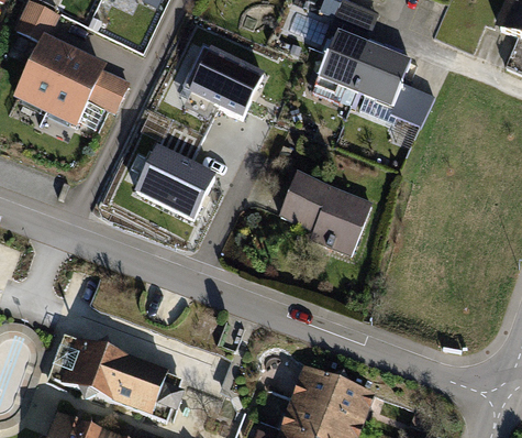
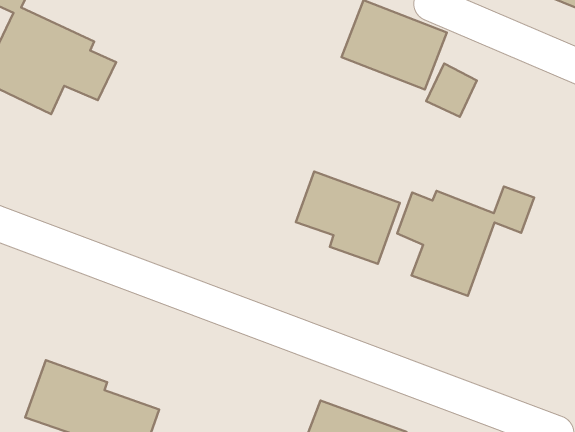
building: [184,44,264,119] -> none
building: [132,141,214,218] -> none
building: none -> [397,186,534,296]

